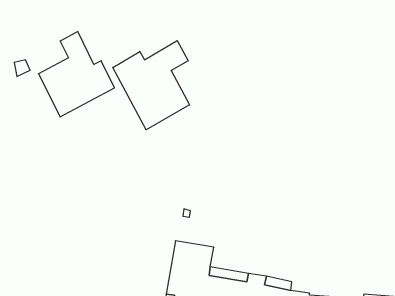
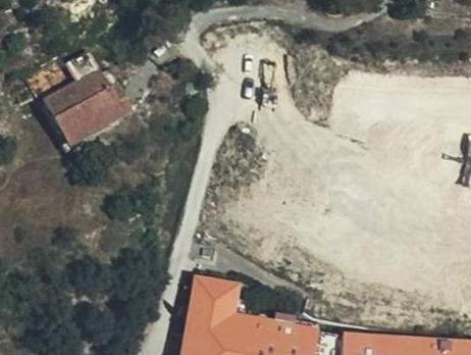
building: [113,41,190,130] -> none

